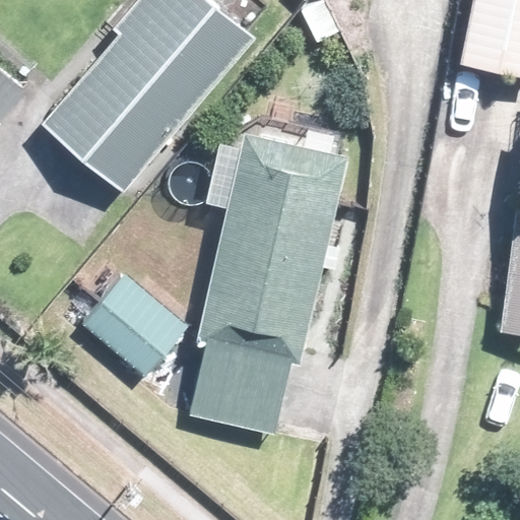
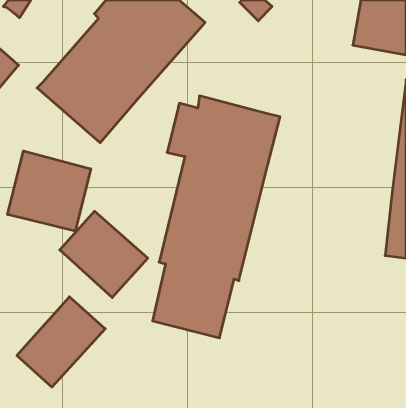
building: none -> [8,151,91,231]
building: none -> [17,297,105,387]

